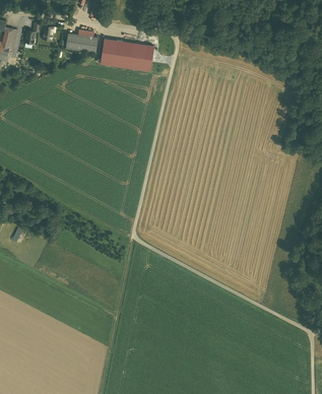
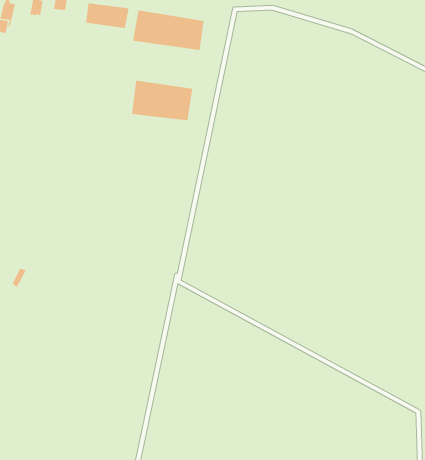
building: none -> [131,80,193,121]

